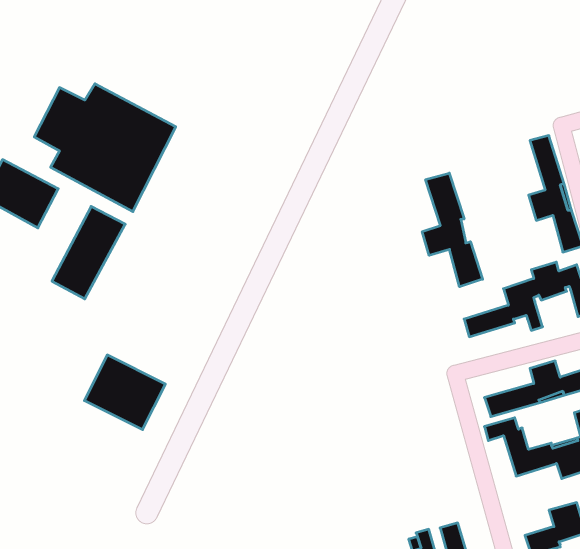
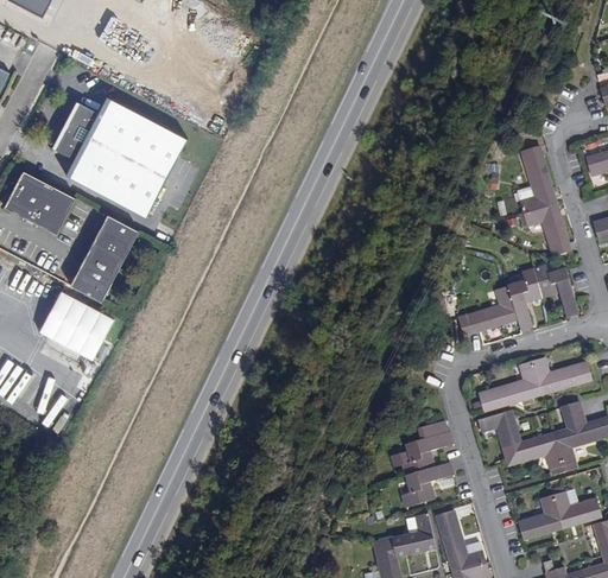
building: [422,173,483,287] -> none
building: [84,355,165,430] -> [38,290,114,360]
building: none -> [399,431,451,506]

